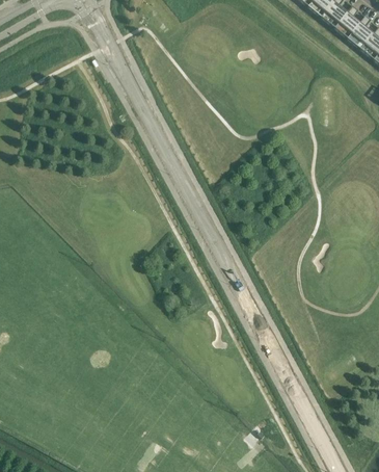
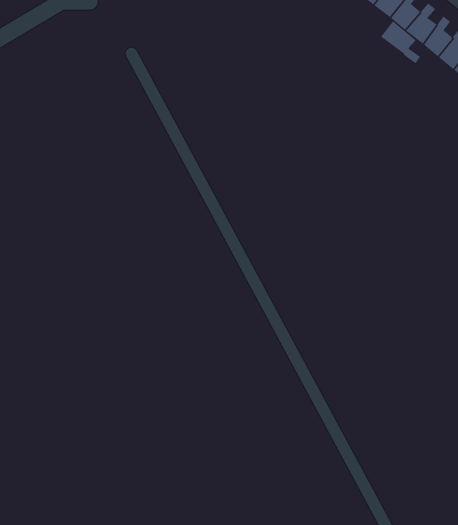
building: none -> [380,21,421,64]

